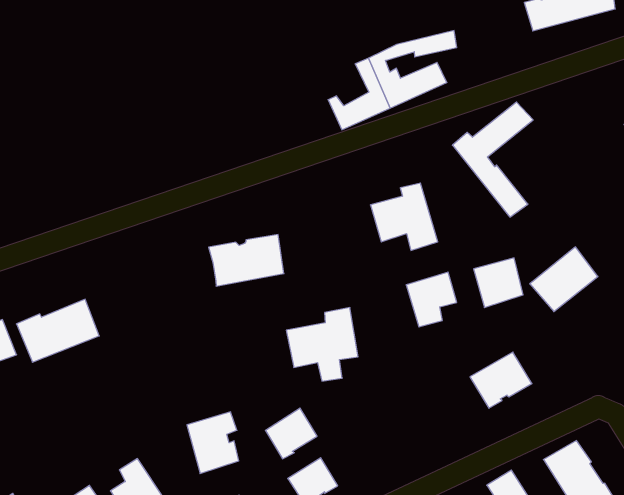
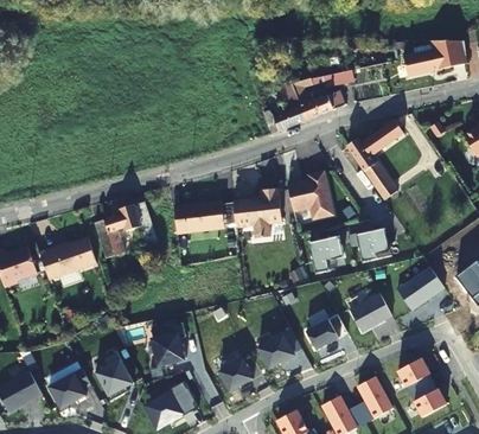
building: none -> [94,202,157,257]
building: [530,247,598,312] -> [396,266,443,309]
building: [286,308,358,381] -> [232,187,281,237]
building: none -> [305,318,338,350]
building: [265,408,317,459] -> [257,333,293,368]

